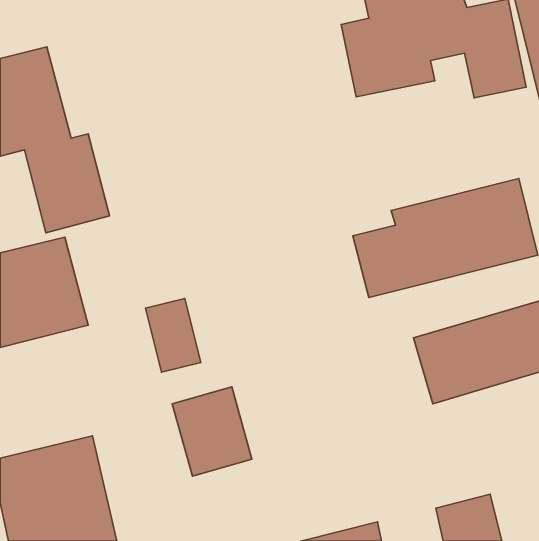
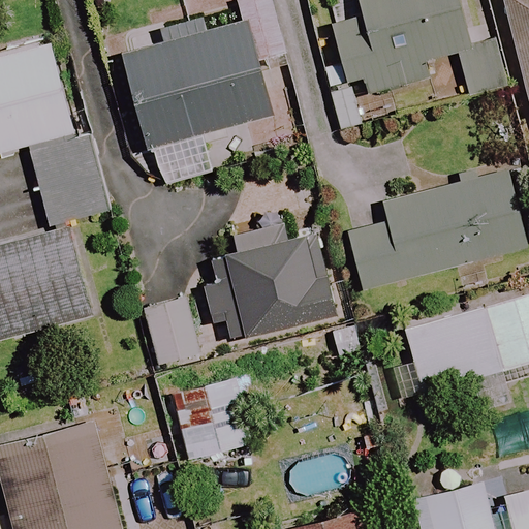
building: none -> [122,22,269,172]
building: none -> [211,232,333,339]

